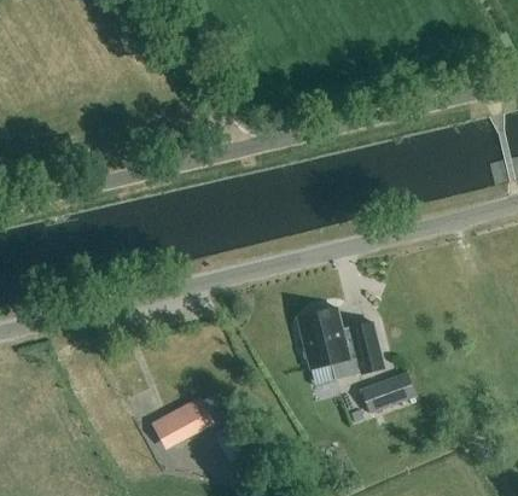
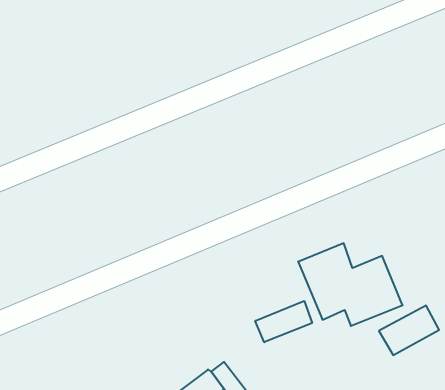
building: none -> [255,301,312,342]

